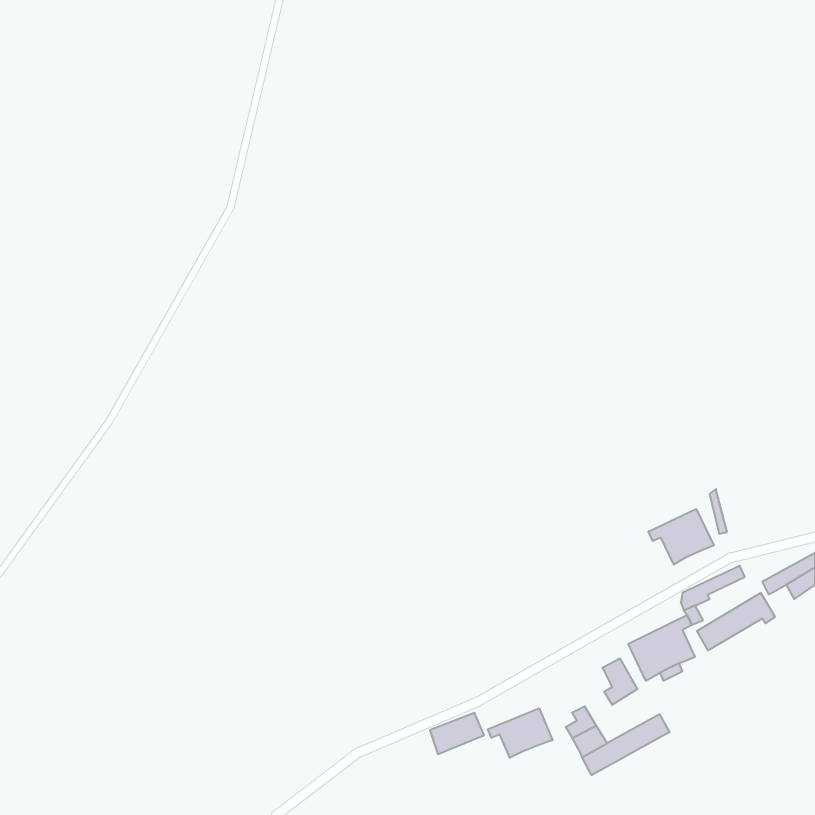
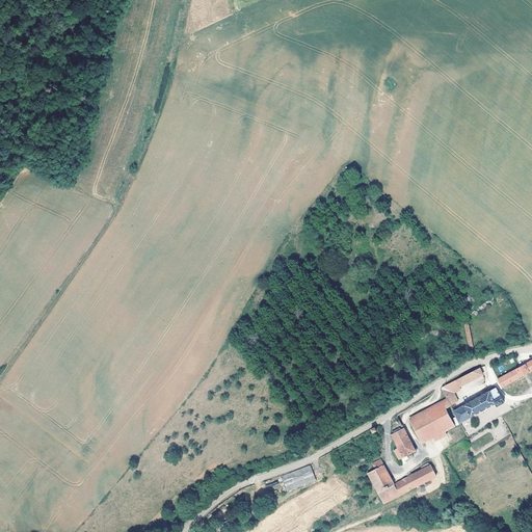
building: [648,509,714,565] -> none
building: [488,708,553,758] -> none

